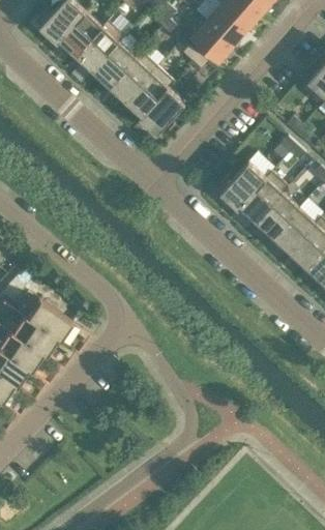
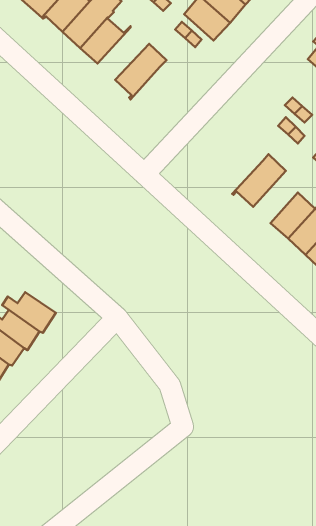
building: [108,52,156,101] -> none
building: [139,89,184,140] -> none
building: [213,163,264,209] -> none
building: [255,187,297,237] -> none

